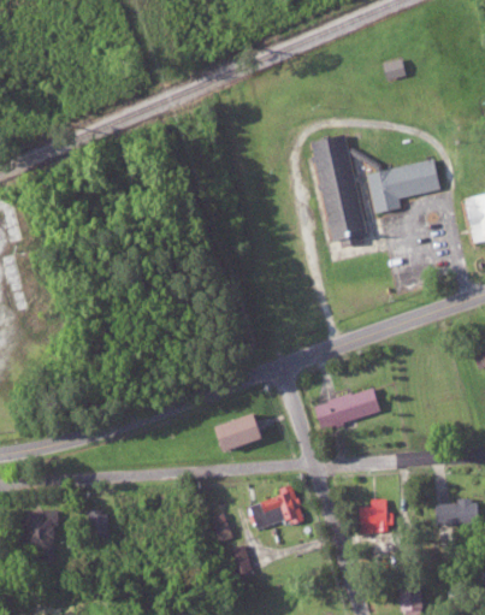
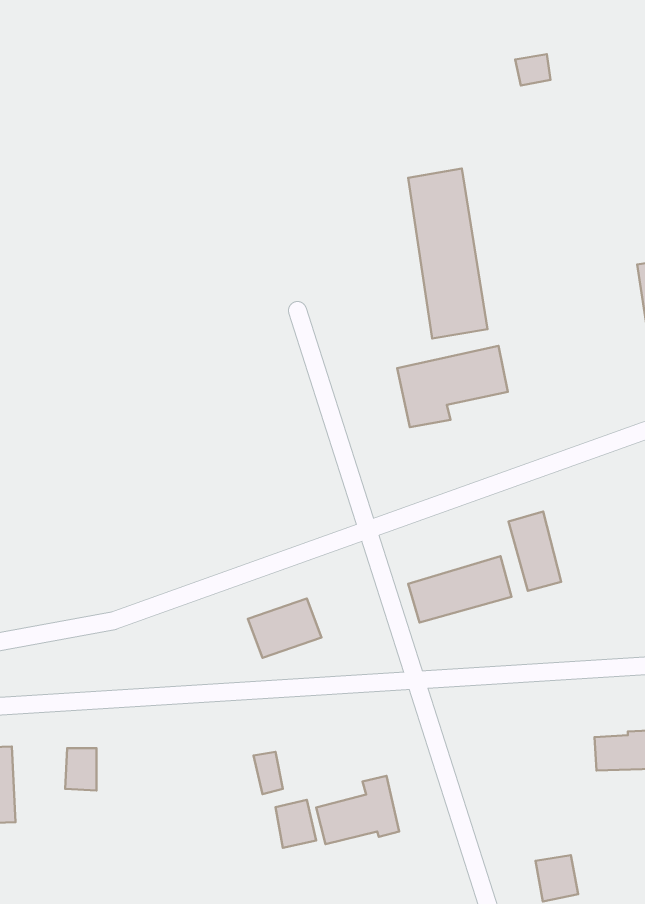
building: [367,159,439,212] -> [397,346,508,427]
building: none -> [508,511,561,591]
building: [249,484,303,528] -> [316,776,399,844]
building: [359,499,389,527] -> none

